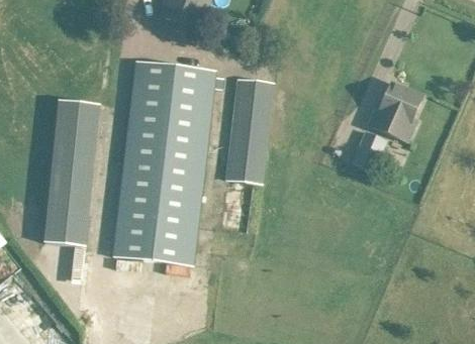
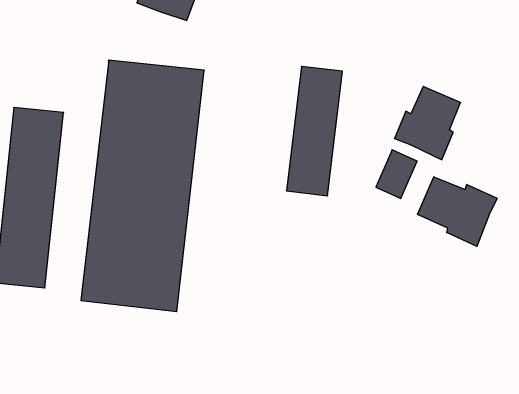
building: [228,79,274,184] -> [286,66,342,196]
building: none -> [418,177,497,246]

